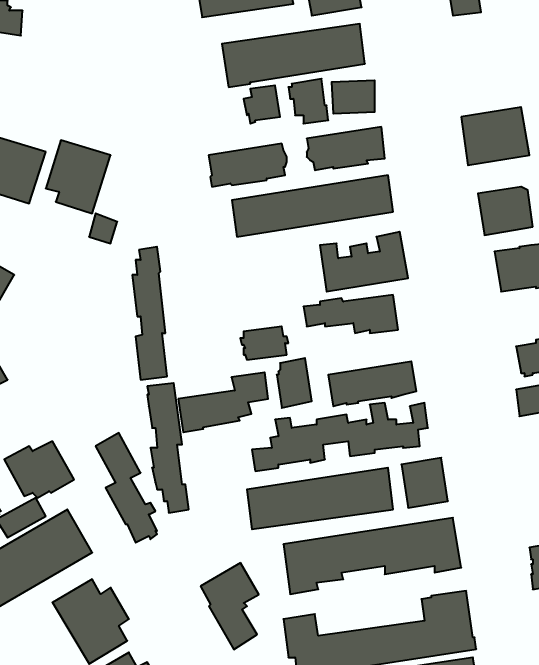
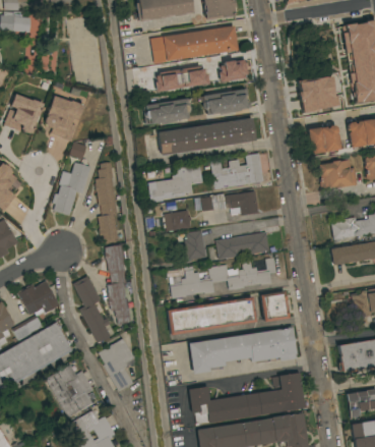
building: none -> [53,162,91,216]
building: [178,372,268,432] -> [148,166,203,203]
building: [201,563,259,649] -> [100,339,135,392]

